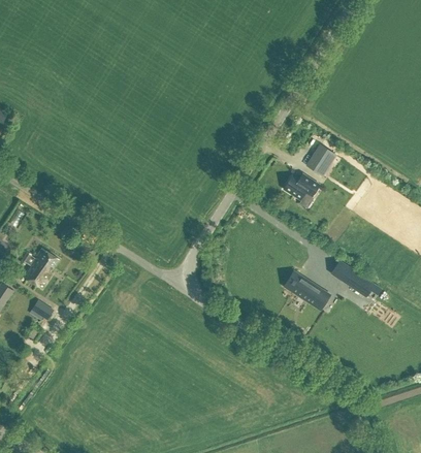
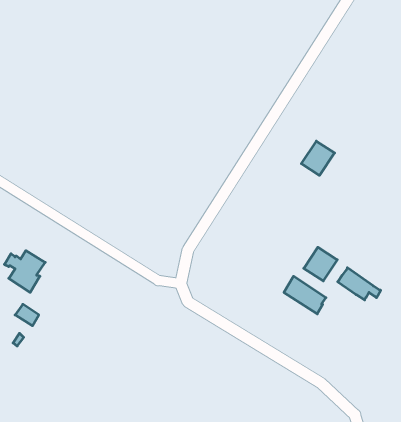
building: [282,174,318,199] -> none
building: none -> [304,247,337,281]

